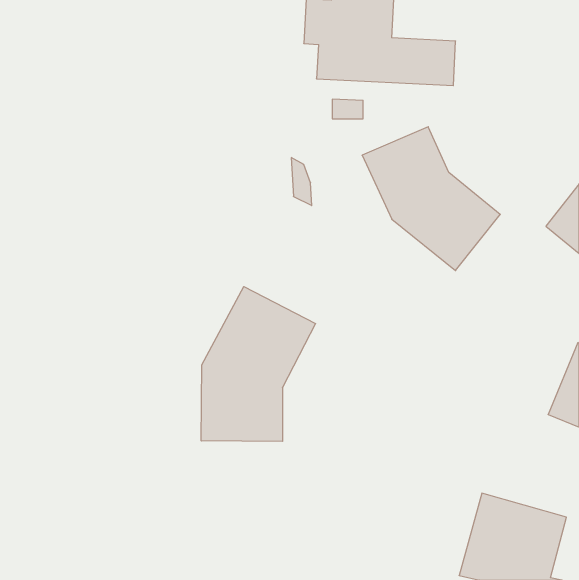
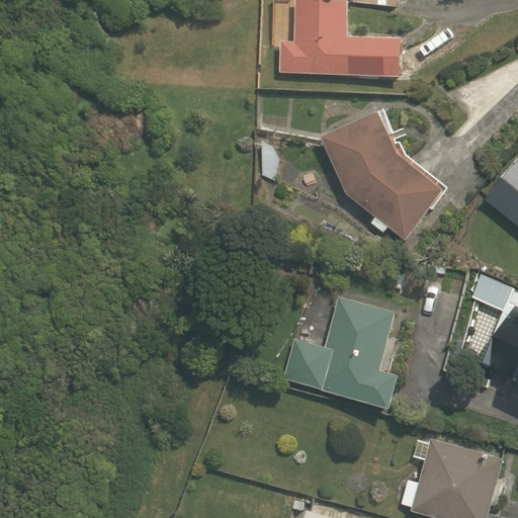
building: [201,287,316,441] -> none
building: none -> [282,296,400,409]

